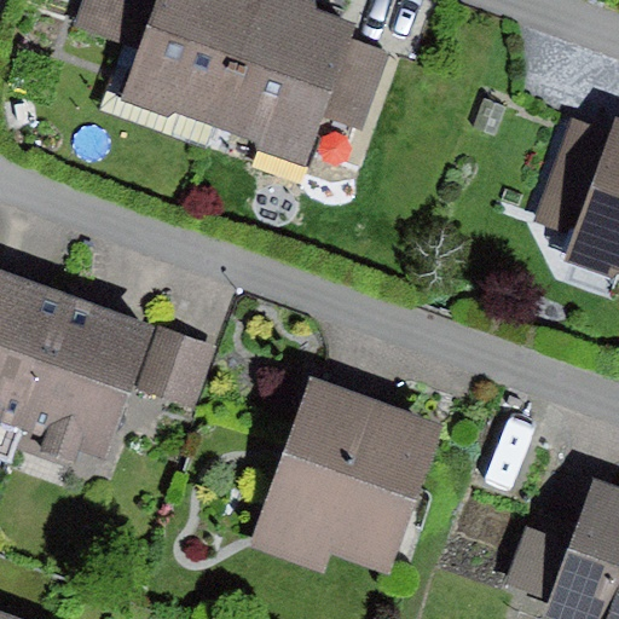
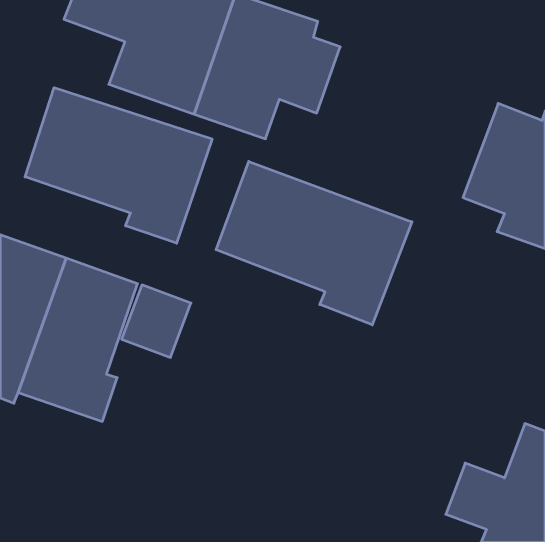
building: none -> [25,88,212,243]
building: none -> [216,161,412,325]
building: [248,378,445,577] -> none

